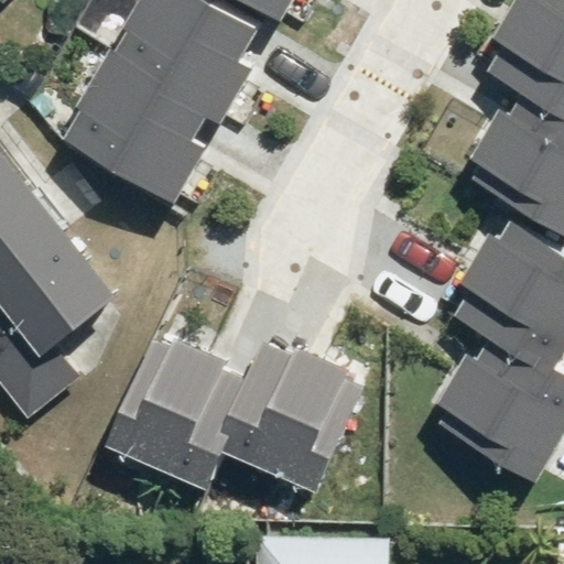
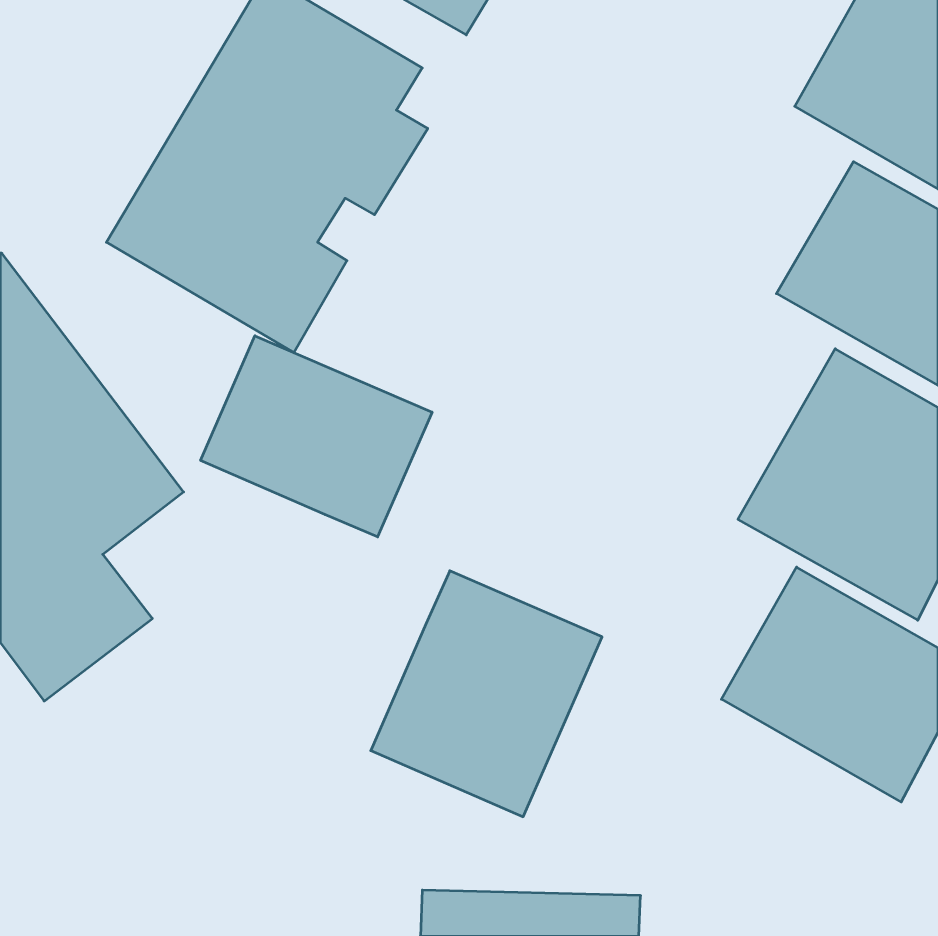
building: none -> [201,336,432,537]
building: [107,332,256,488] -> none

